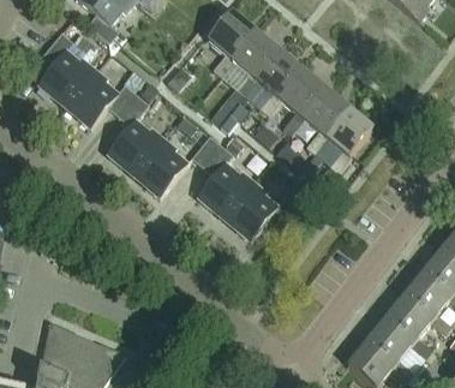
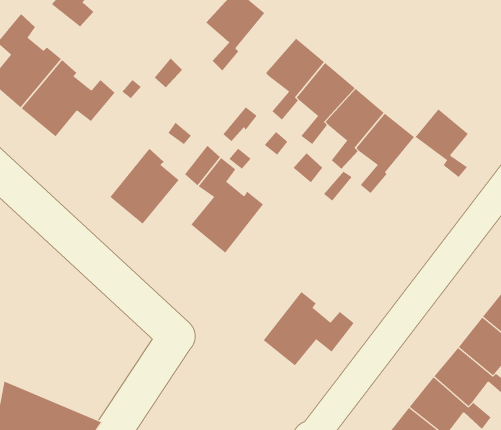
building: [232,30,279,94] -> none
building: [106,92,163,174] -> none
building: none -> [415,109,468,178]
building: [223,180,295,239] -> [263,291,355,366]

